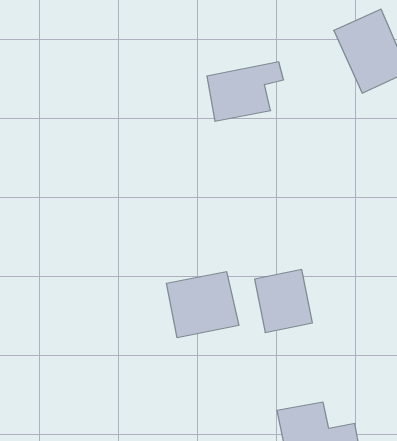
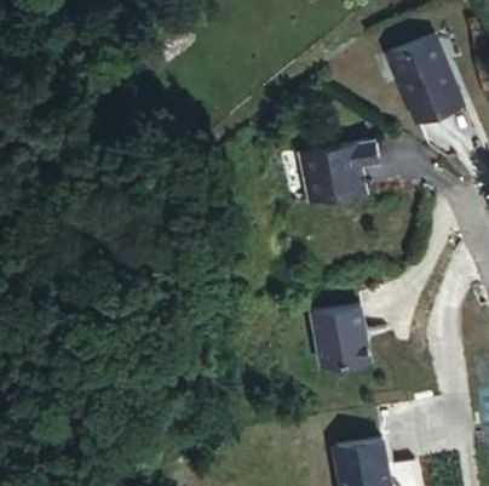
building: [207,62,284,121] -> [301,138,380,199]
building: [166,272,239,338] -> none

